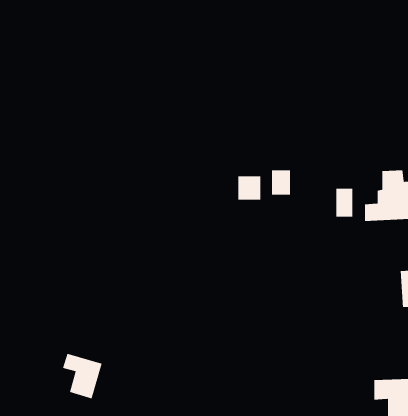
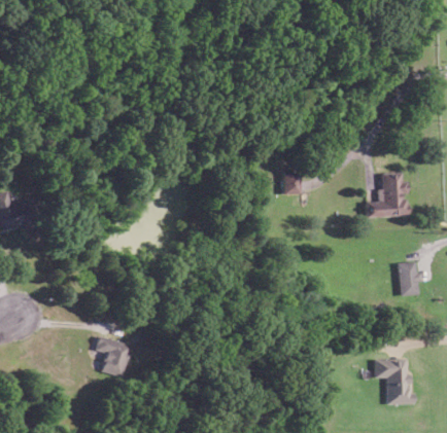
building: [238,176,261,200] -> none
building: [336,188,353,218] -> none

